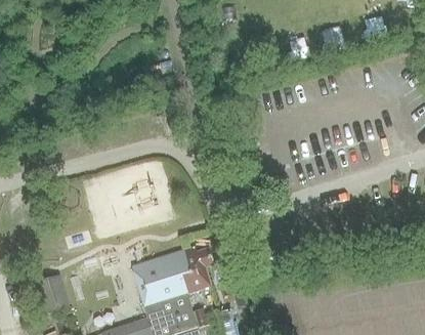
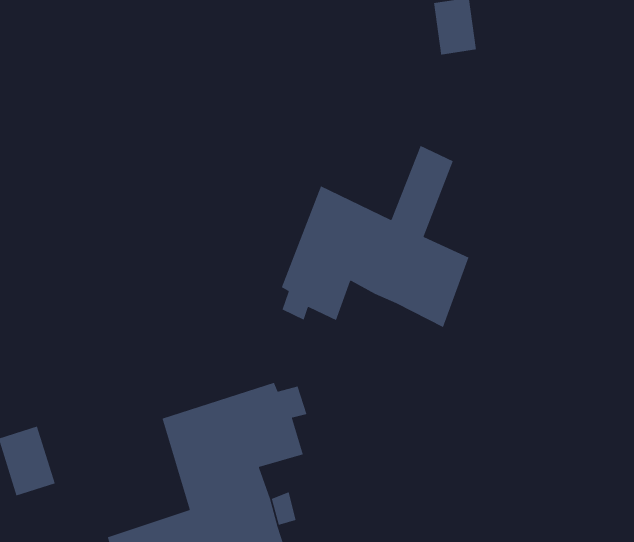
building: none -> [281,145,470,328]

